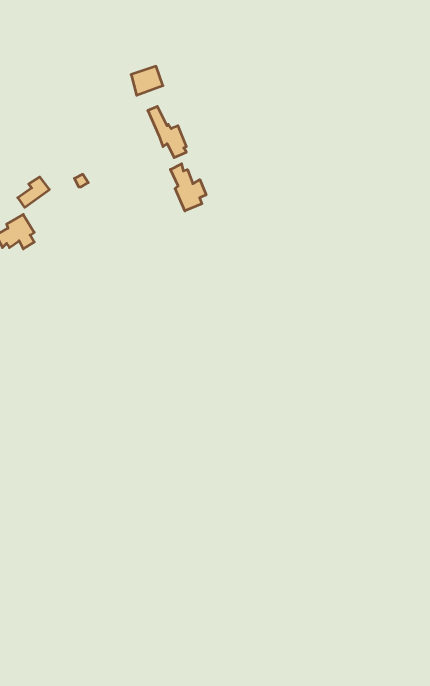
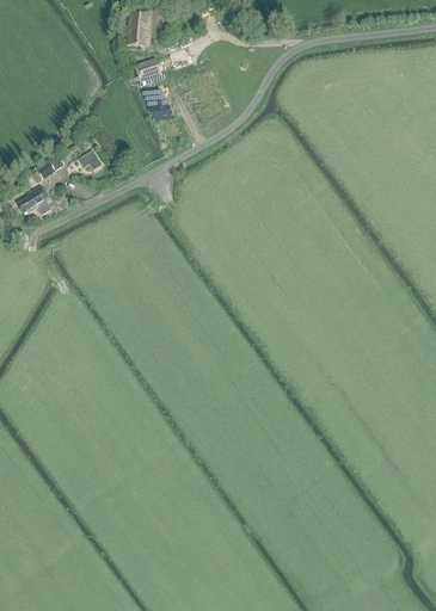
building: none -> [125,8,151,45]
building: [170,164,206,211] -> none

